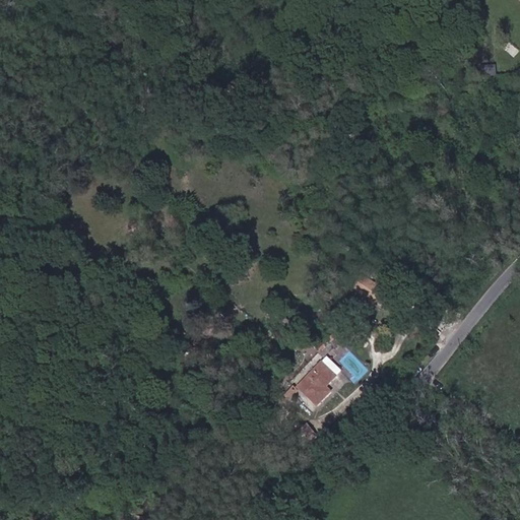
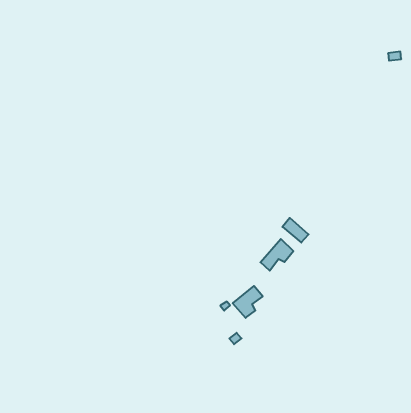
building: none -> [260,239,293,271]

